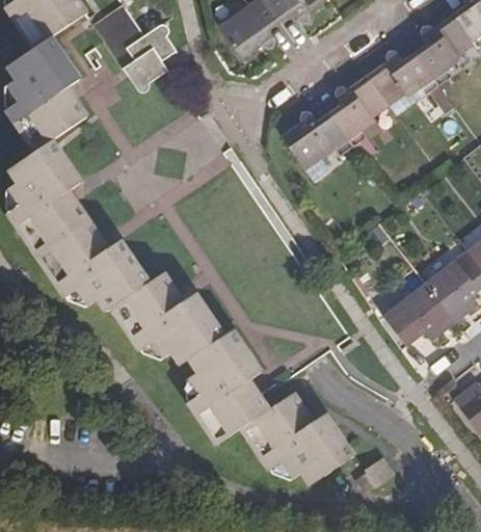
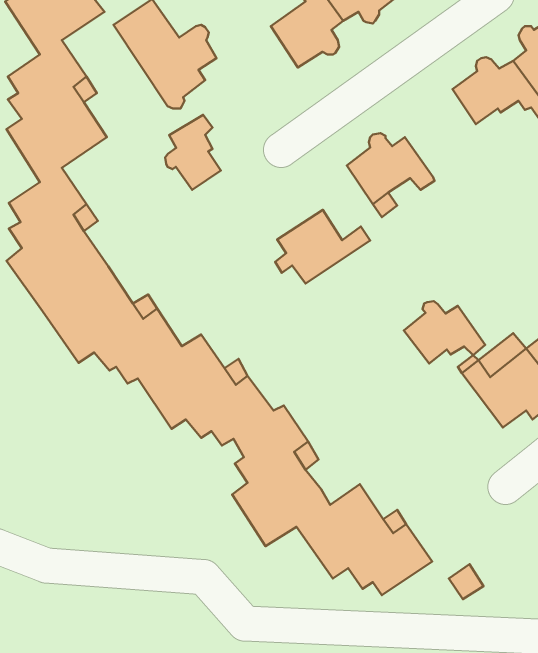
building: [329,74,386,148] -> none
building: none -> [165,115,221,190]
building: none -> [275,210,370,284]
building: none -> [404,301,485,363]

